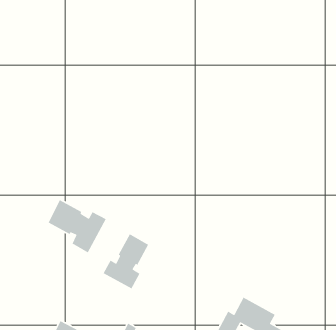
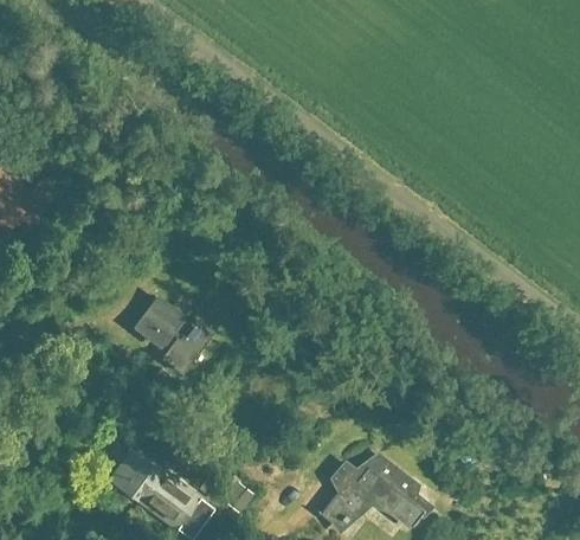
building: [102,233,149,290] -> none

